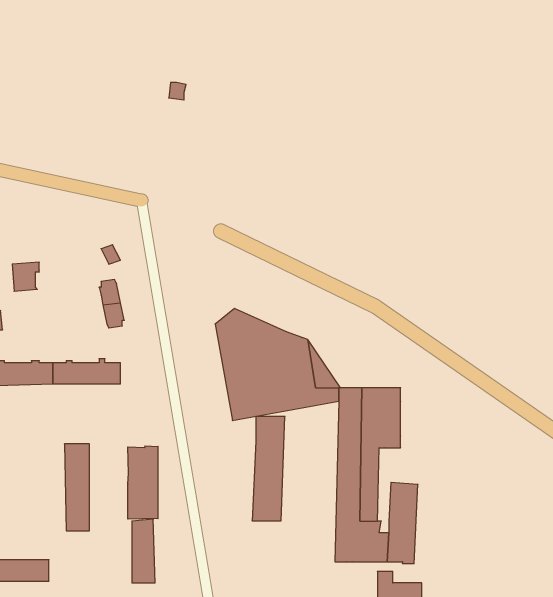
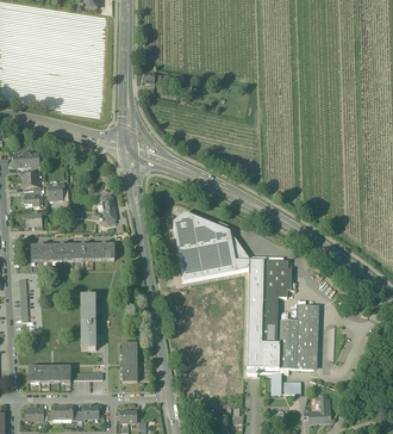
building: [252,416,285,521] -> [295,304,316,368]
building: [128,446,158,519] -> none

